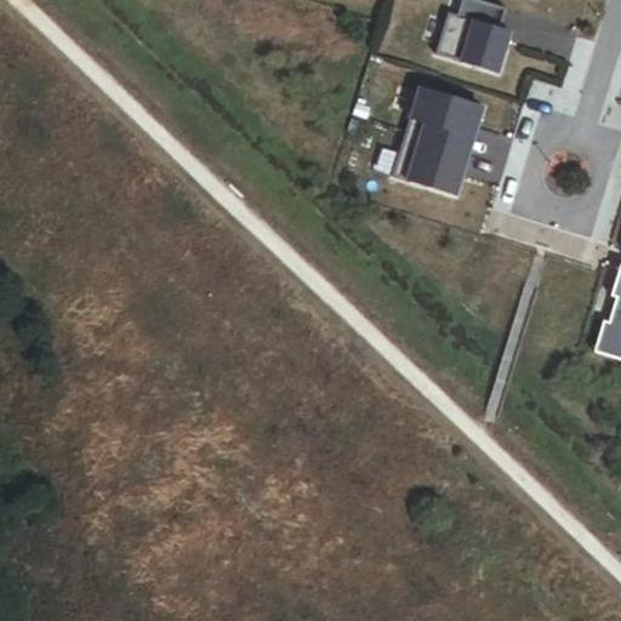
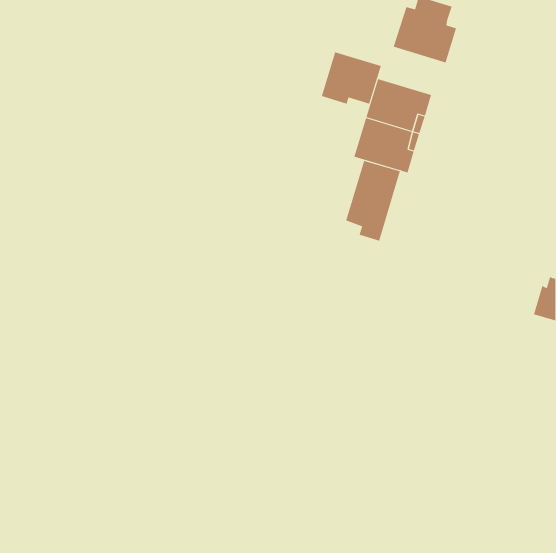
building: none -> [321,52,381,104]
building: none -> [346,160,401,241]

